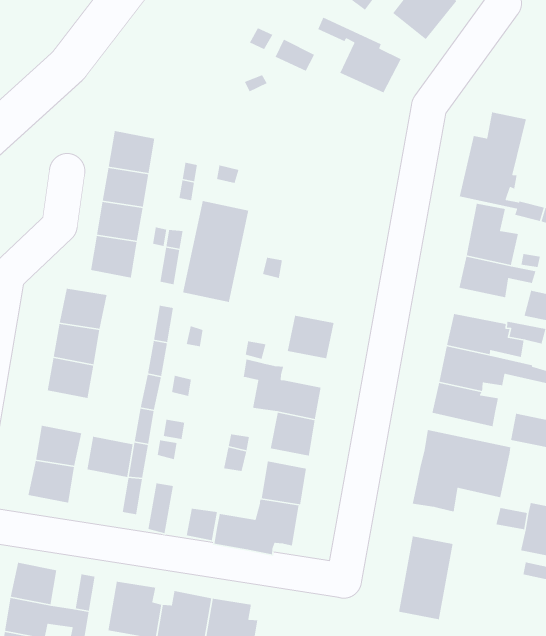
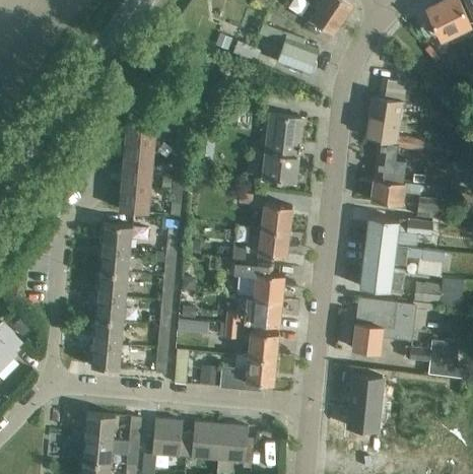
building: [182,200,249,303] -> [262,114,302,182]
building: none -> [261,203,291,231]
building: [86,436,134,478] -> [95,294,126,321]

